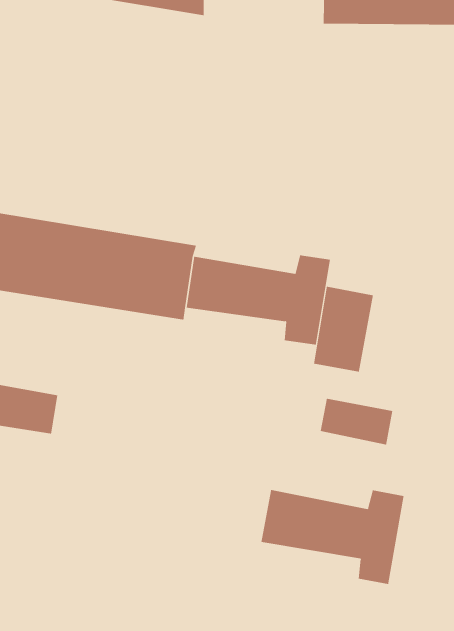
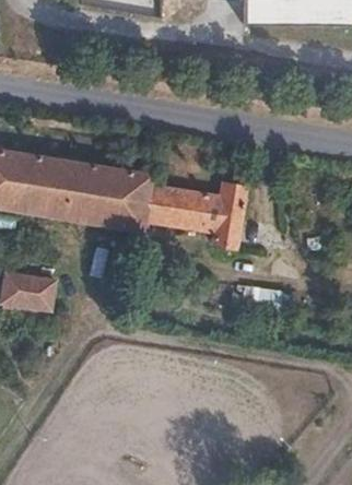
building: [314,286,374,373] -> none
building: [261,489,404,585] -> none

